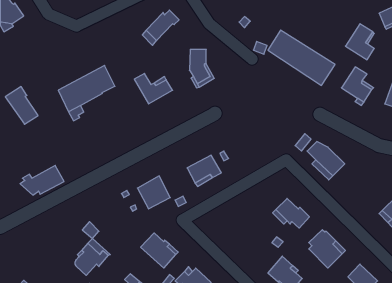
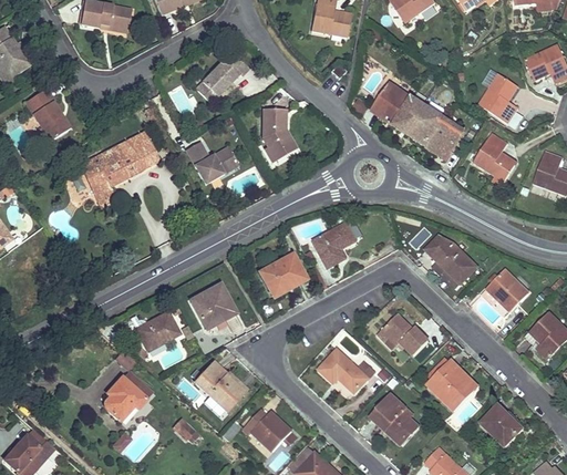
building: [5,87,38,124] -> [24,87,70,140]
building: none -> [313,224,355,268]
building: [20,165,64,195] -> [120,311,181,352]
building: none -> [487,269,528,311]
building: none -> [319,349,374,392]

